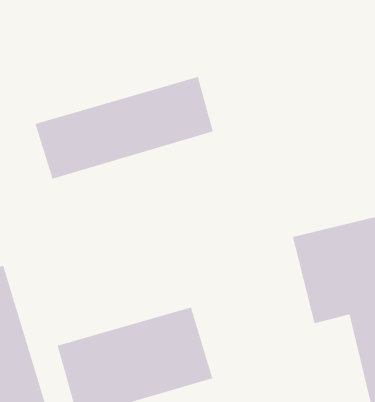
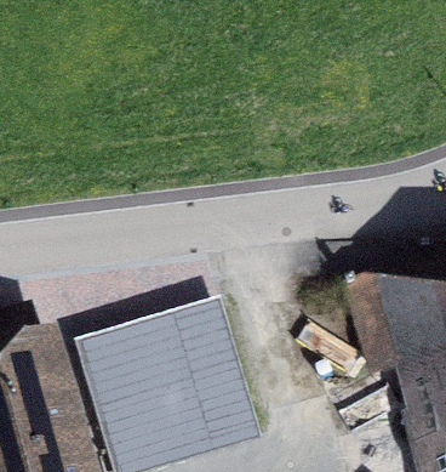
building: [35,76,214,180] -> none
building: none -> [74,295,238,403]

